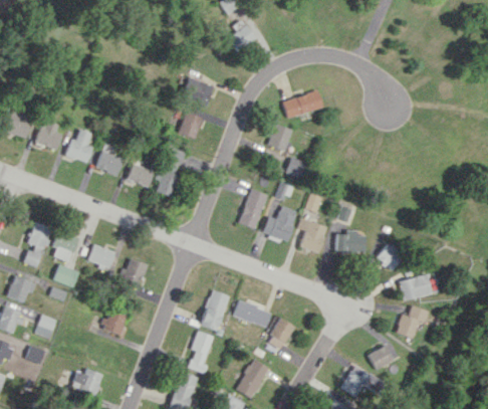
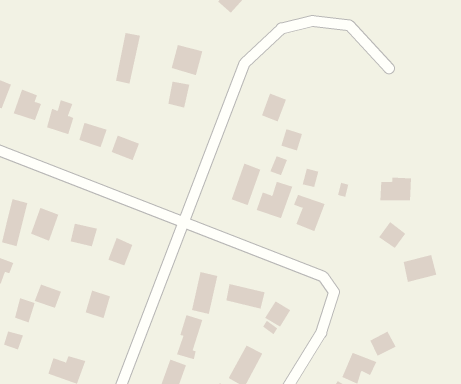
building: [282,90,322,118] -> none
building: [159,148,183,196] -> [115,32,141,84]
building: [335,230,365,252] -> [380,177,412,201]
building: [53,264,79,287] -> [34,284,62,309]
building: [396,305,428,339] -> none

